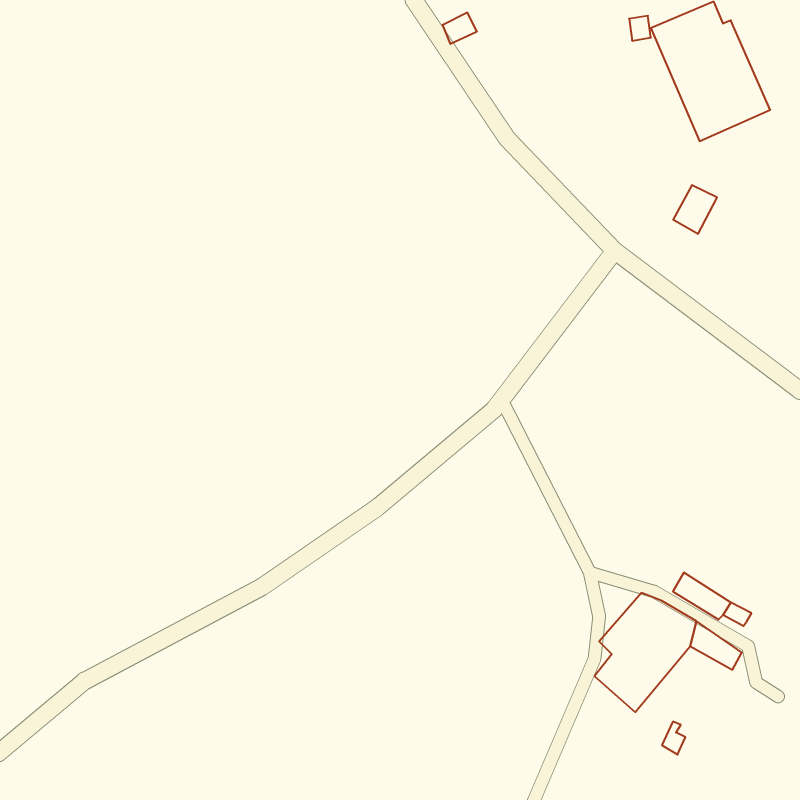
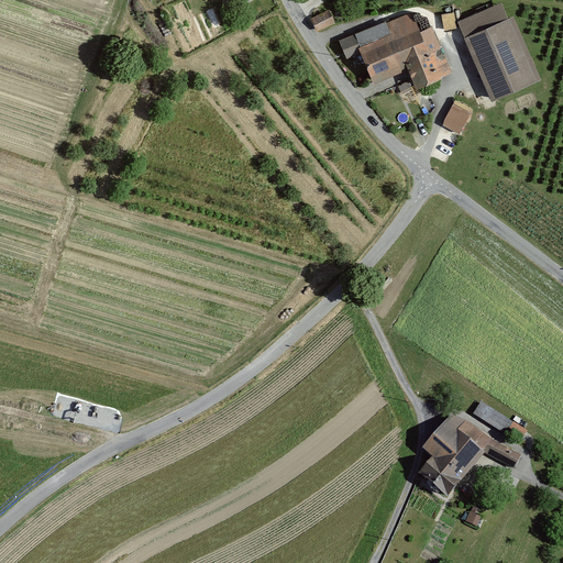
building: none -> [340,10,451,87]
building: [673,185,717,234] -> [441,100,472,134]

